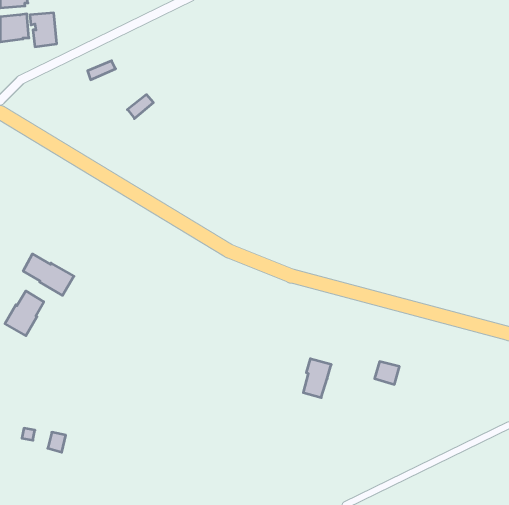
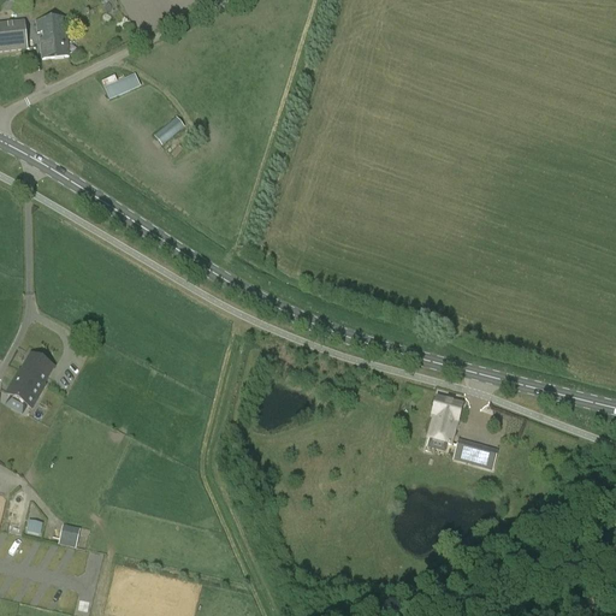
building: [23,254,74,295] -> none
building: [303,359,331,398] -> [428,395,462,442]

